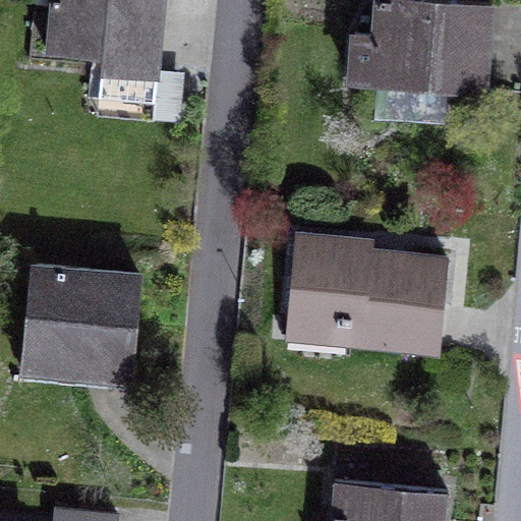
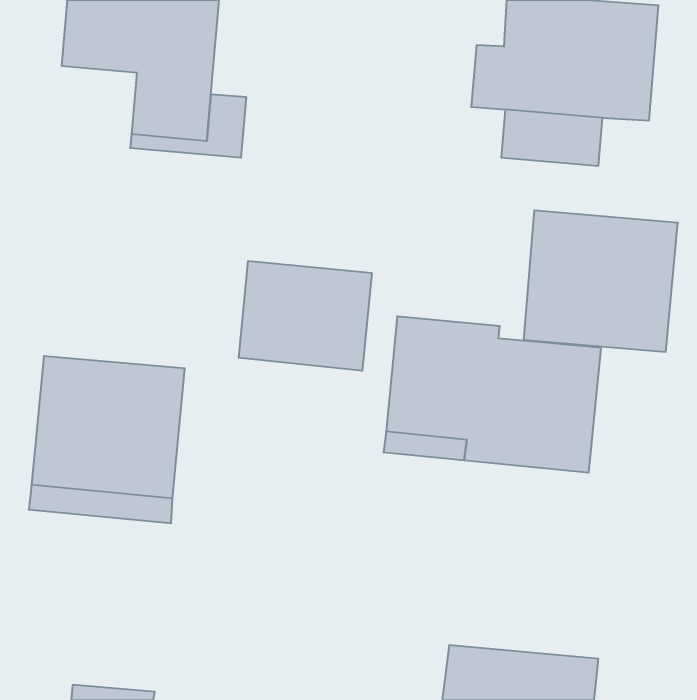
building: none -> [524,210,678,352]
building: none -> [239,261,372,371]

